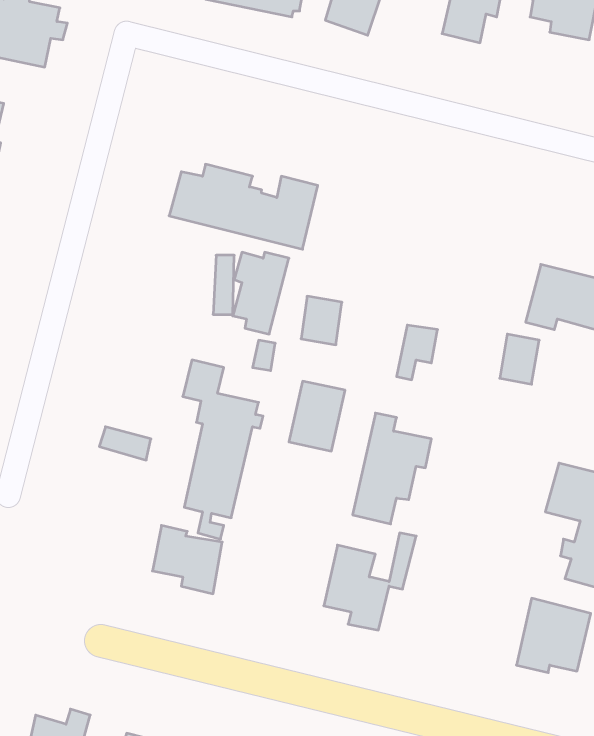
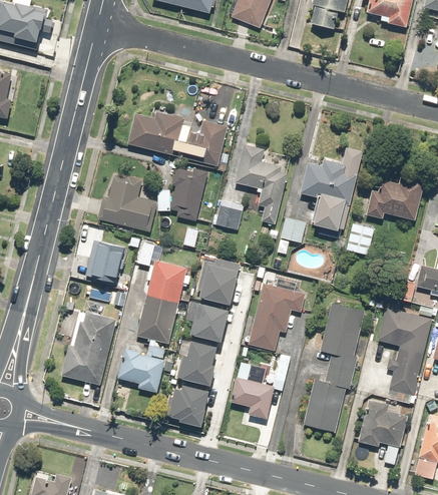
building: none -> [237,145,286,224]
building: none -> [300,148,363,233]
building: none -> [101,180,153,232]
building: none -> [82,239,128,288]
building: none -> [197,301,234,338]
building: none -> [303,304,363,432]
building: none -> [60,314,112,385]
building: none -> [185,337,218,382]
building: none -> [176,383,211,423]

